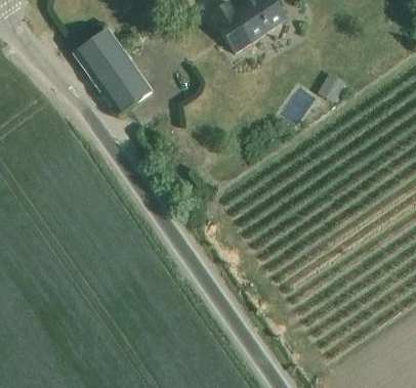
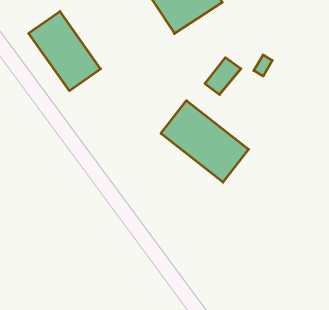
building: none -> [161,101,249,182]

